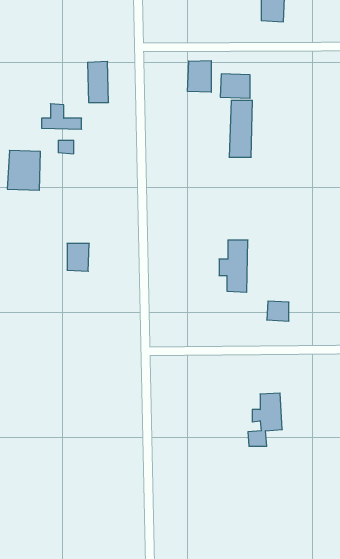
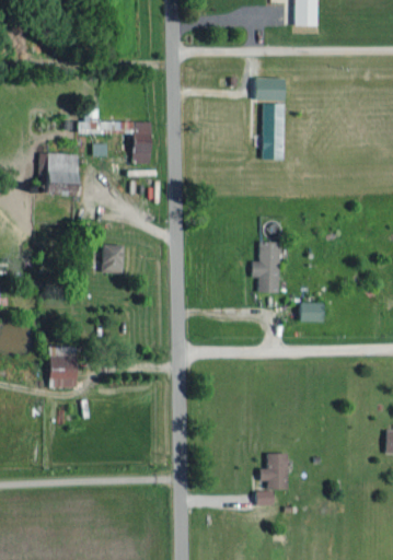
building: [188,61,211,92] -> none
building: [88,61,109,102] -> [130,121,151,162]
building: none -> [47,355,77,387]
building: [248,393,282,446] -> [255,453,289,505]

